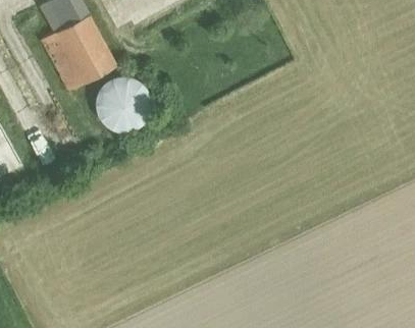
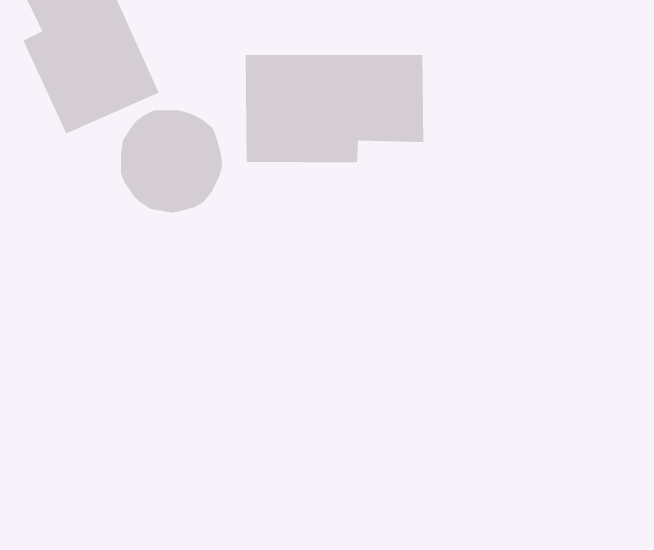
building: none -> [245,54,424,163]

